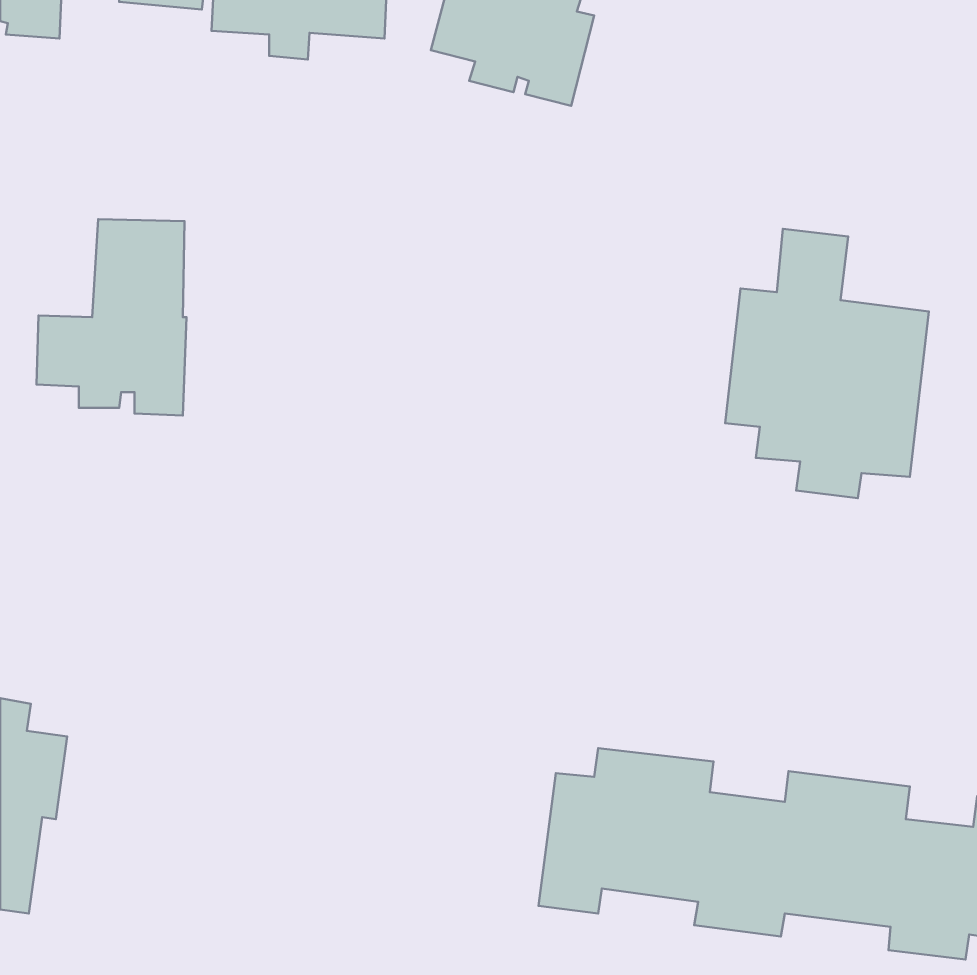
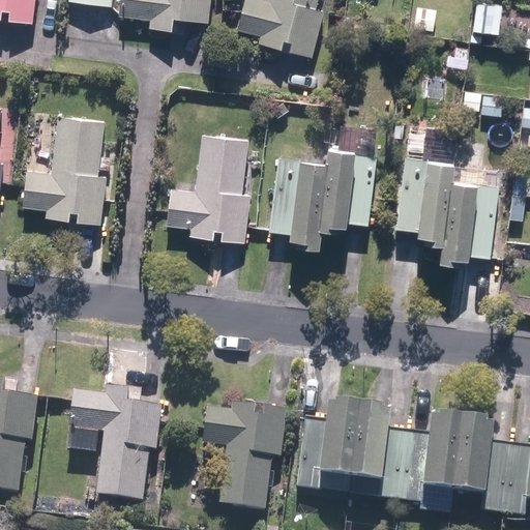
building: none -> [167,136,249,243]
building: none -> [268,146,376,249]
building: none -> [70,387,160,500]
building: none -> [200,406,283,510]

